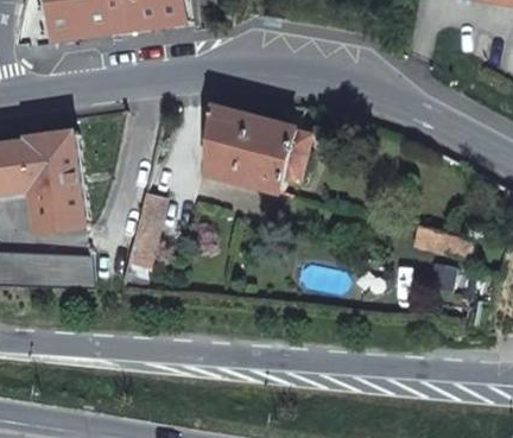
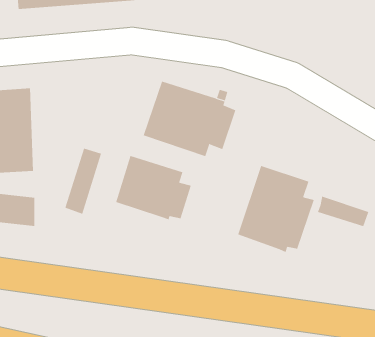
building: none -> [115,155,191,220]
building: none -> [238,165,314,253]

